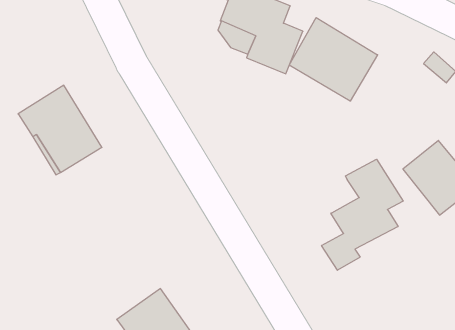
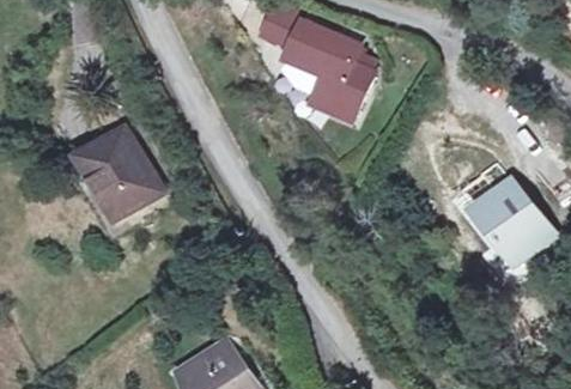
building: [289,18,378,101] -> none
building: [322,159,403,270] -> none

